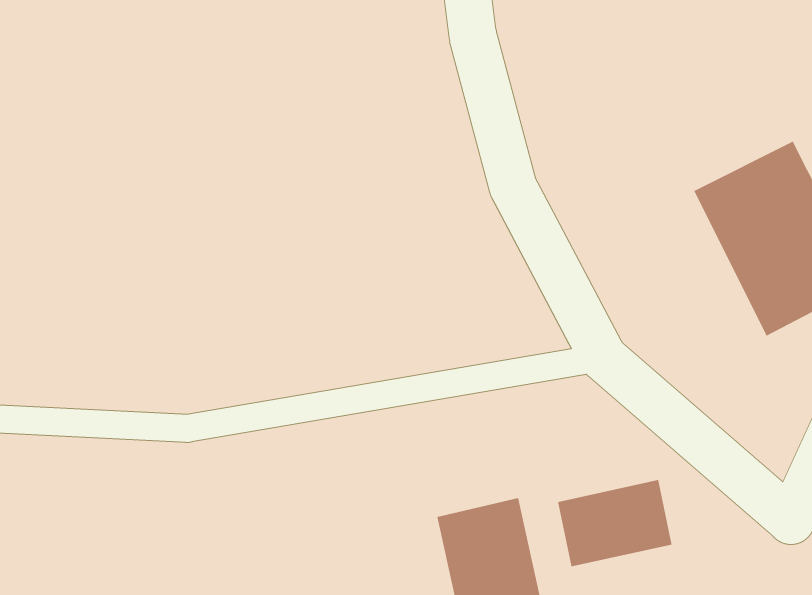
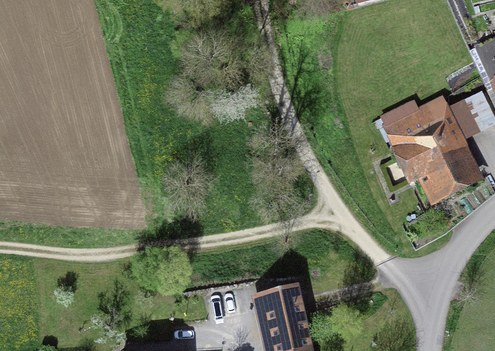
building: [557,479,672,567] -> none

